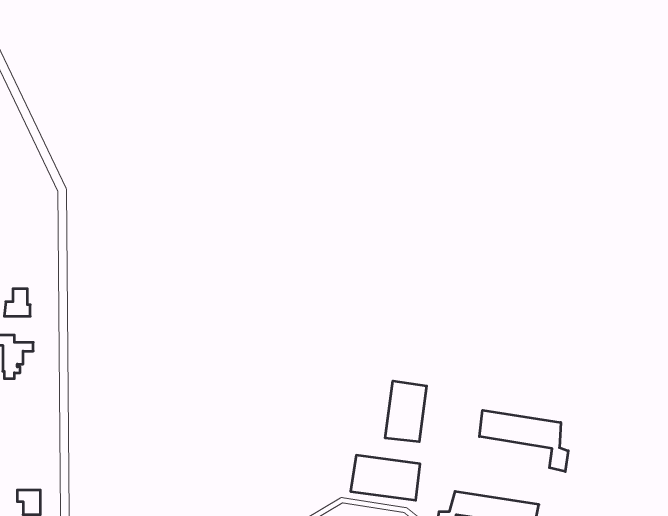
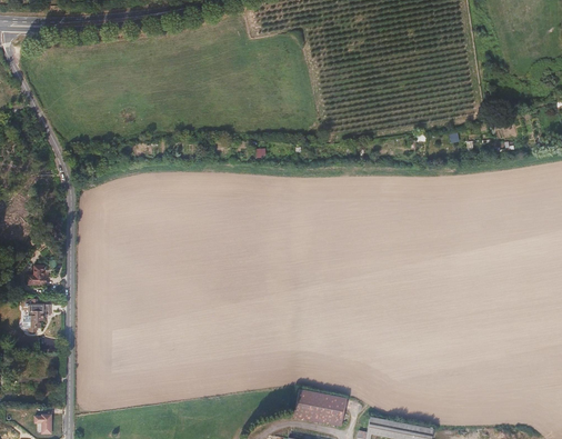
building: [385,381,427,442] -> none
building: [479,410,568,472] -> none

